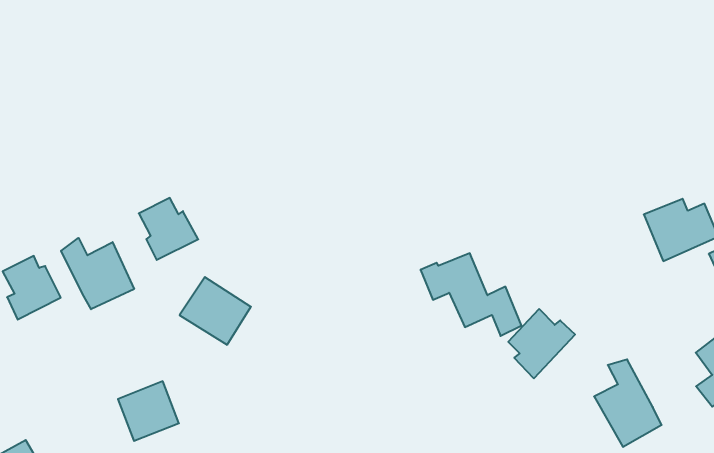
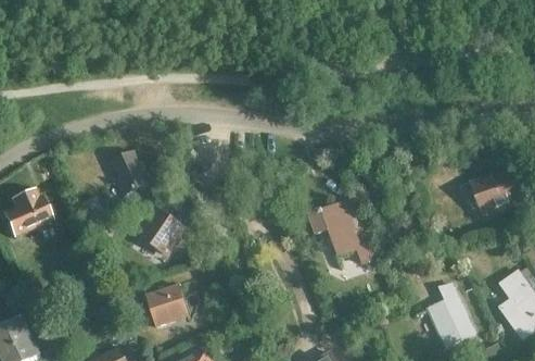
building: [61,238,134,309] -> none
building: [508,309,575,378] -> none
building: [118,381,179,441] -> [145,284,188,325]

